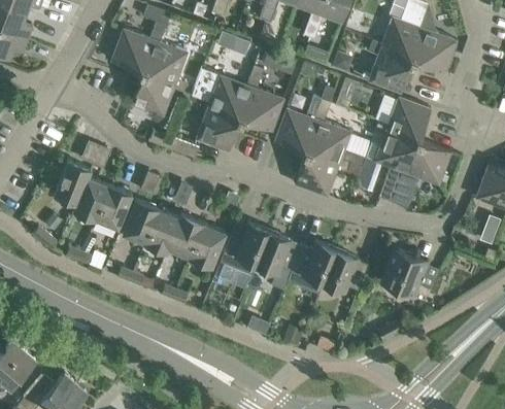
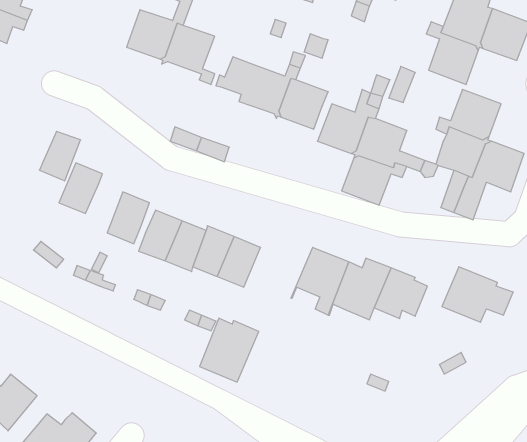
building: [131,74,175,116] -> none
building: [196,108,239,151] -> none
building: [73,178,108,220] -> [39,131,81,181]
building: [220,221,270,276] -> [200,318,259,382]

